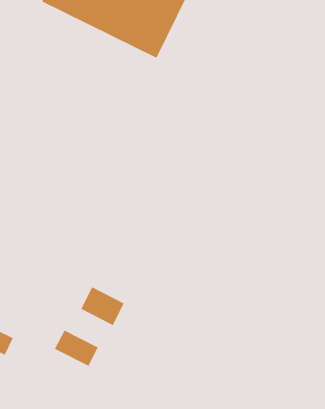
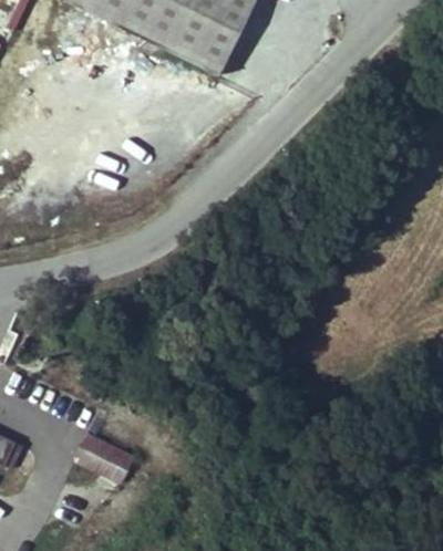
building: [80,286,125,326] -> none

